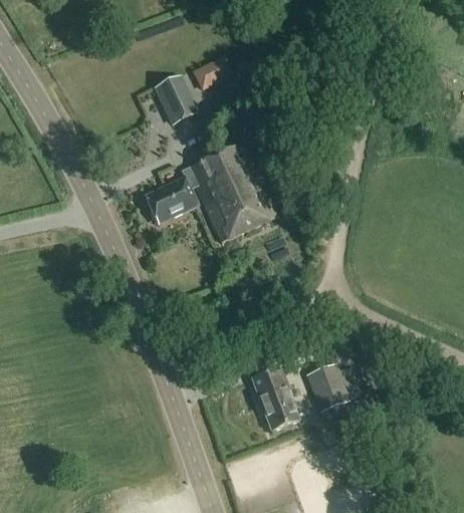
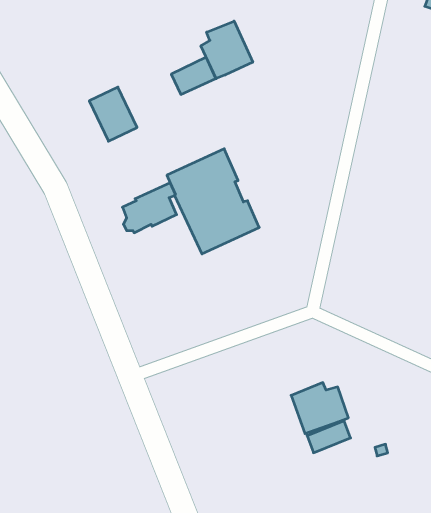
building: none -> [201,21,253,79]
building: [153,74,198,125] -> [89,87,137,141]
building: [251,366,296,430] -> none

